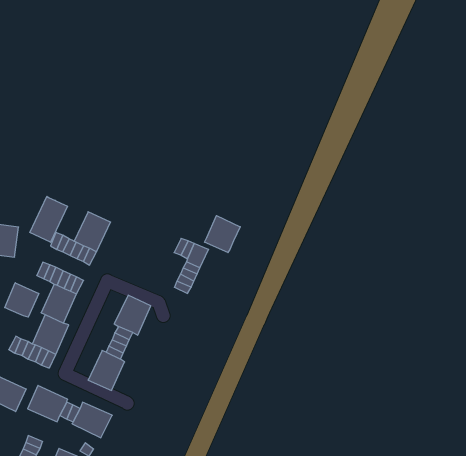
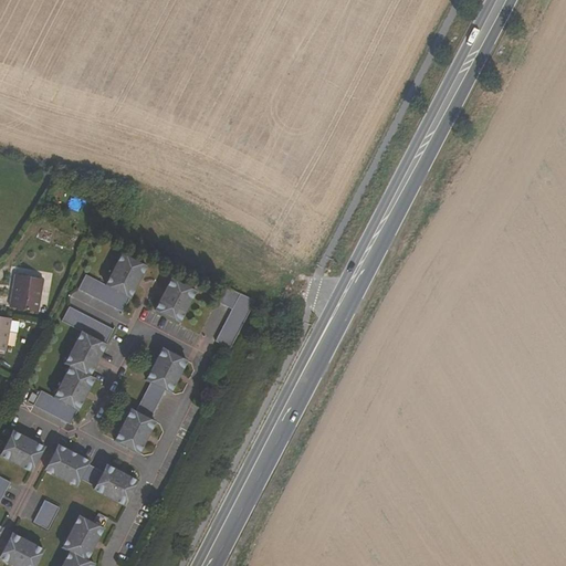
building: [30,196,67,242] -> none
building: [205,216,240,253] -> none
building: none -> [155,277,197,324]
building: [5,283,39,317] -> none

